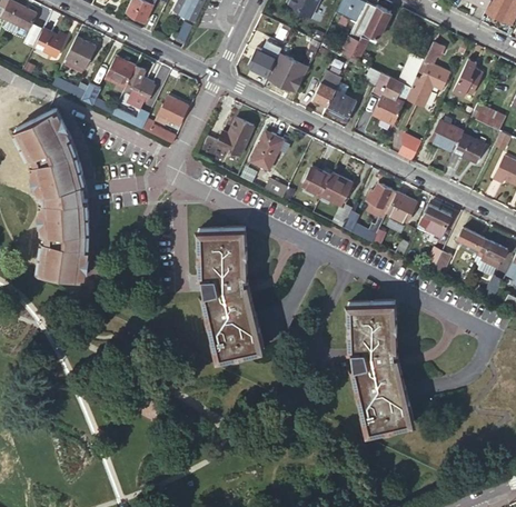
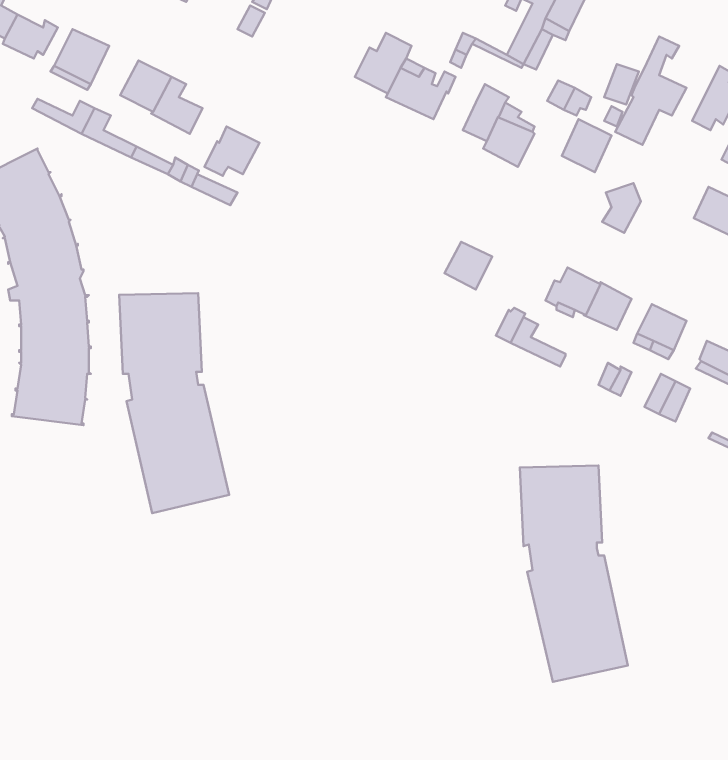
building: [430,118,464,152] -> none
building: [217,119,254,156] -> none
building: [250,131,282,169] -> none
building: [321,172,351,205] -> none
building: [198,228,265,361] -> [119,293,229,513]

